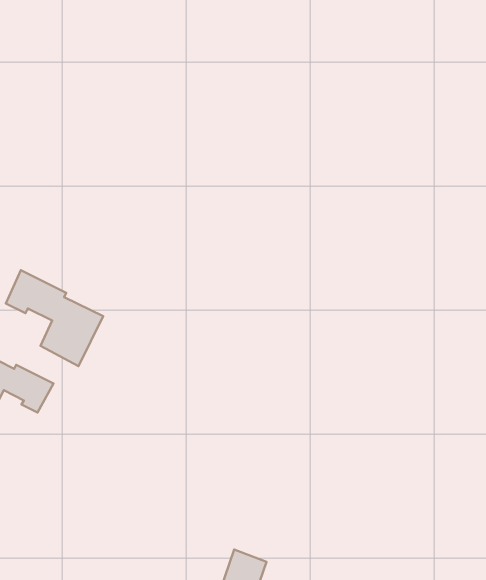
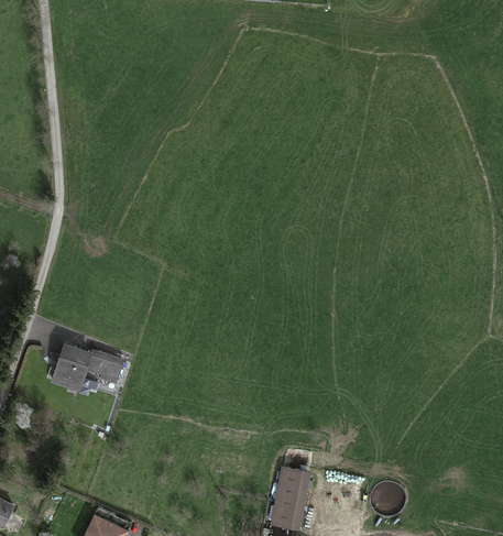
building: [6,270,103,366] -> none

